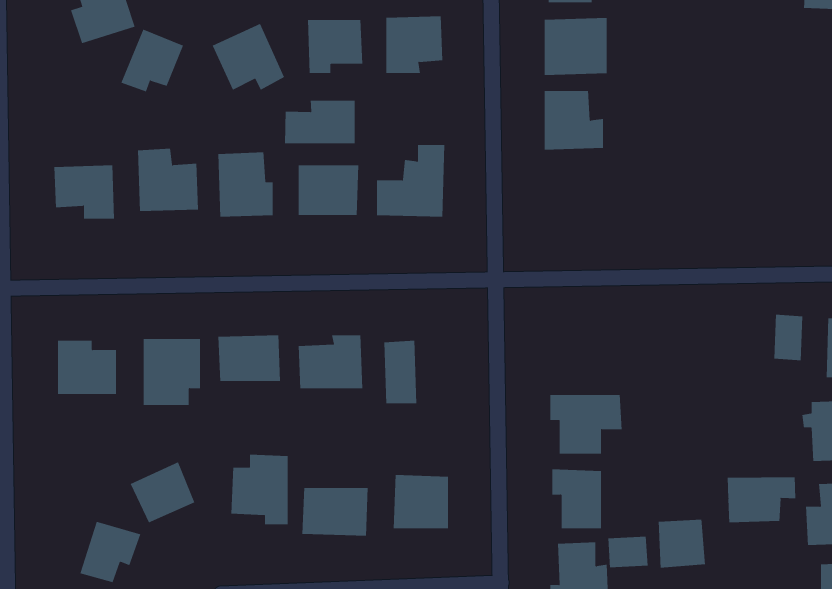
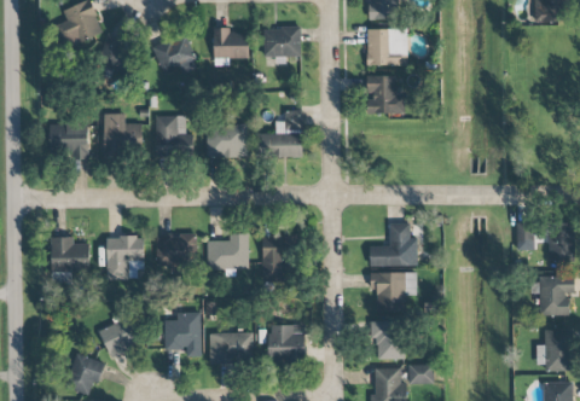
building: [285,100,355,144] -> none
building: none -> [369,222,417,266]
building: [727,476,796,523] -> none
building: [658,519,706,568] -> none

